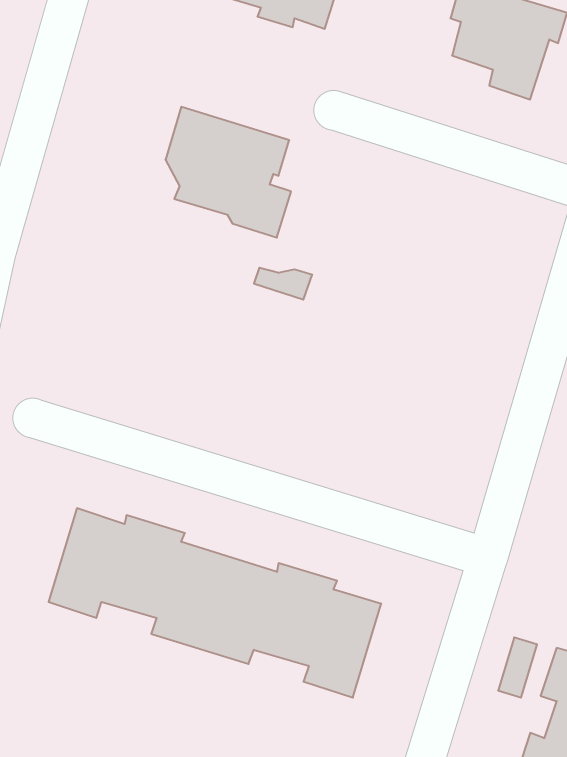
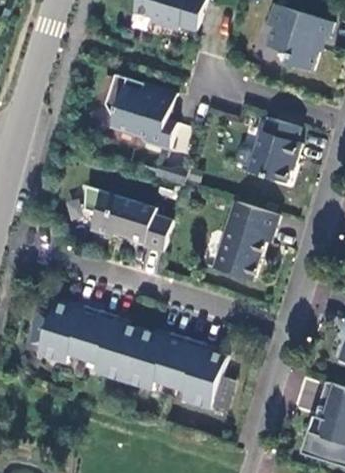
building: none -> [247,117,300,183]
building: none -> [85,186,173,252]
building: none -> [212,201,278,280]

